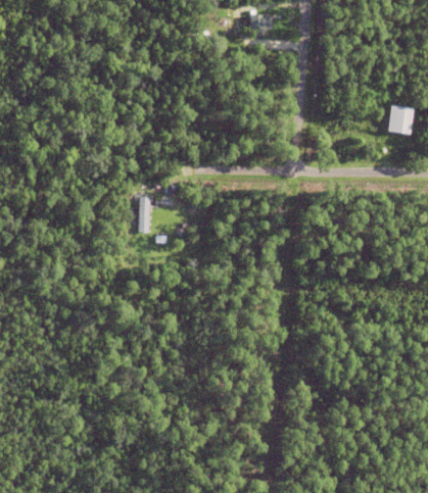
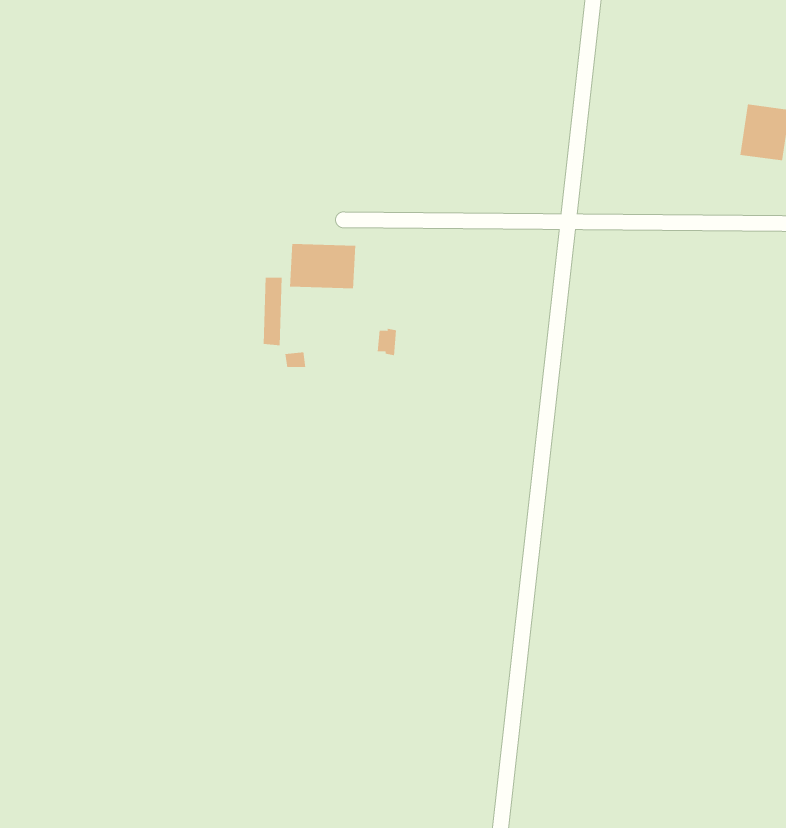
building: none -> [290,243,356,289]

